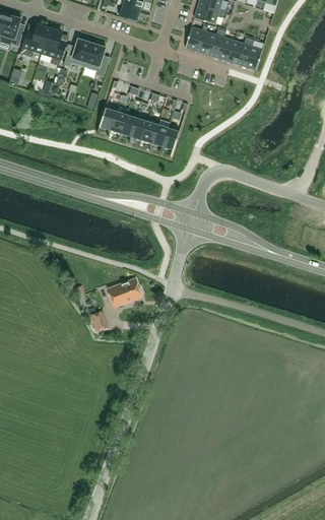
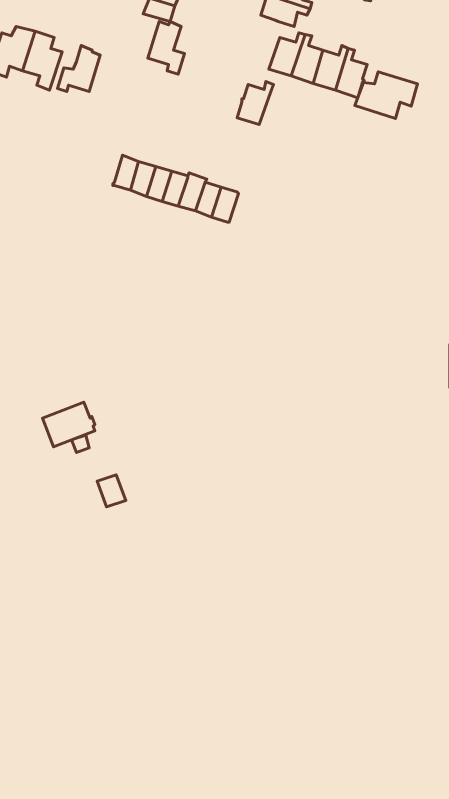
building: [184,23,207,51] -> [237,81,274,124]
building: [83,42,107,75] -> [148,22,185,74]
building: none -> [355,72,418,119]
building: [106,277,139,306] -> [42,402,95,447]

